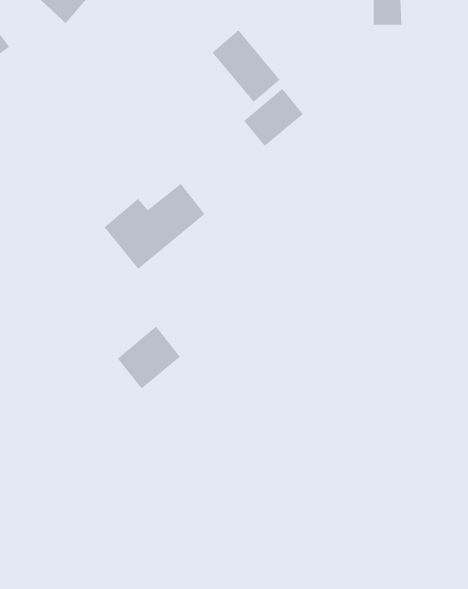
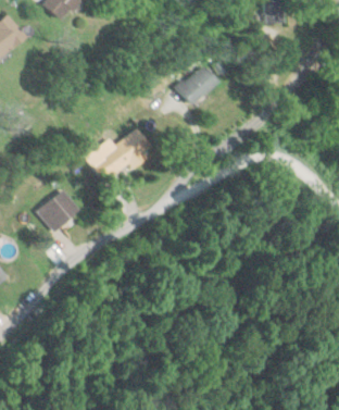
building: [211,29,281,103] -> none
building: [117,326,181,390] -> [36,188,78,231]

